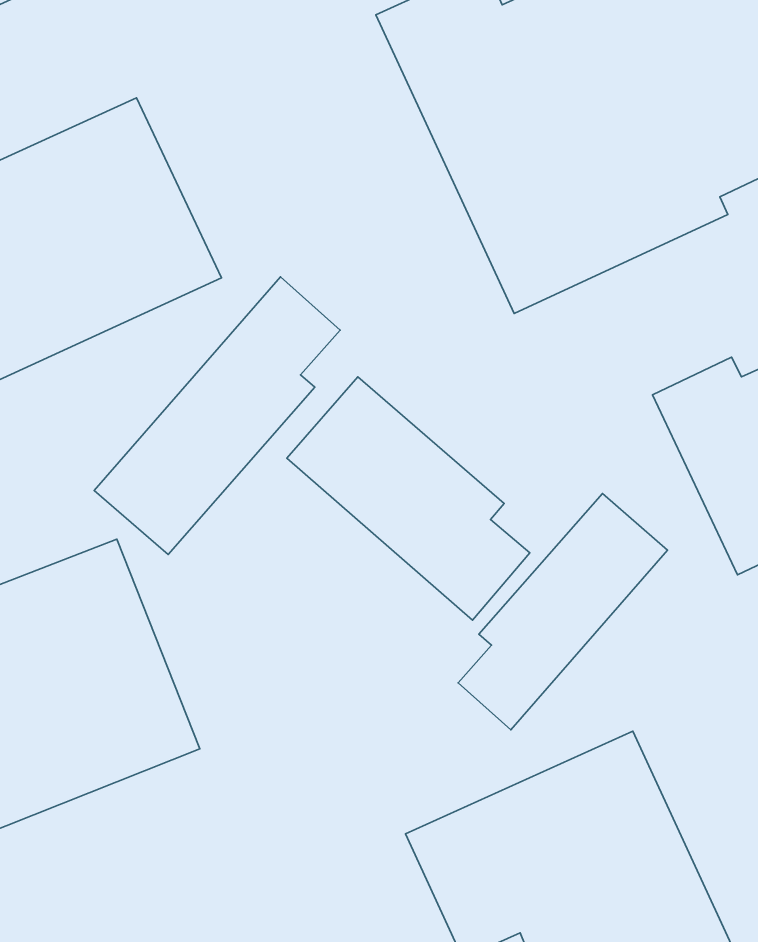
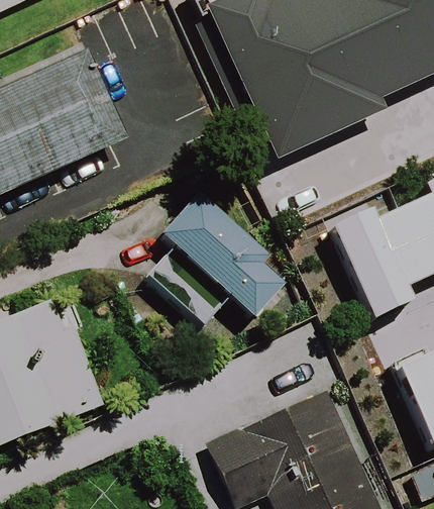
building: [94,277,340,554] -> none
building: [458,494,668,730] -> none

